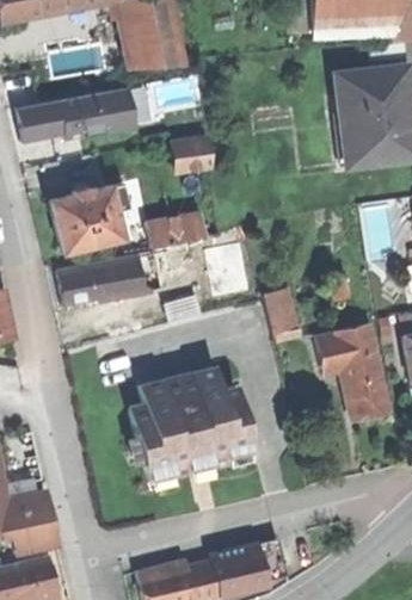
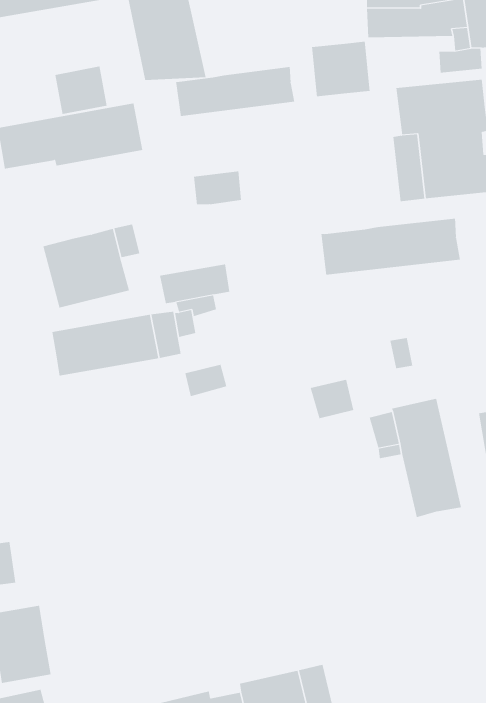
building: none -> [311,41,370,97]
building: none -> [176,66,295,117]
building: none -> [321,218,461,276]
building: [204,242,251,296] -> none
building: [129,369,250,477] -> none

